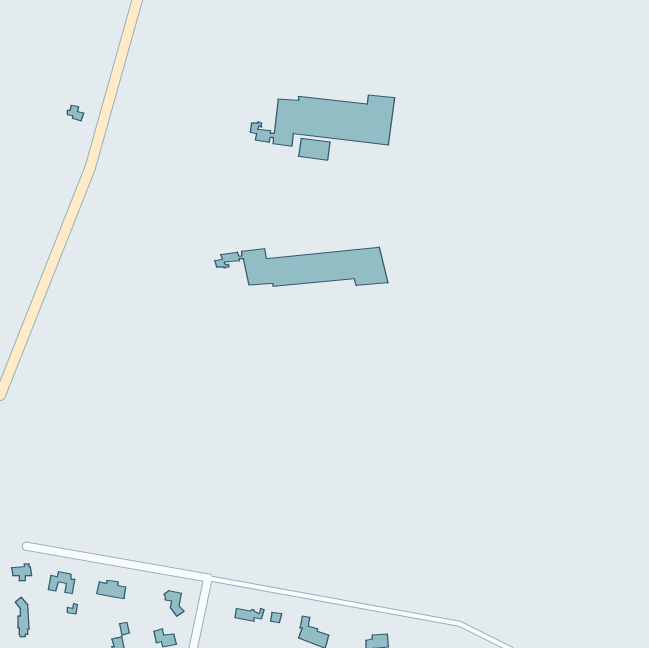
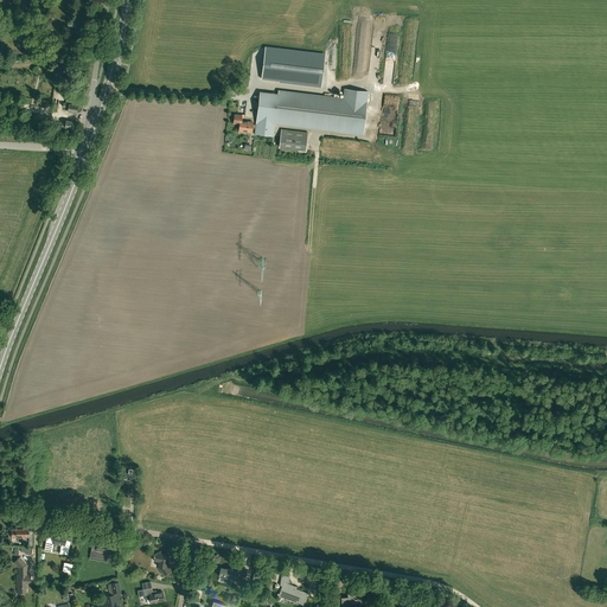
building: none -> [263,47,325,88]
building: [215,247,388,286] -> none

